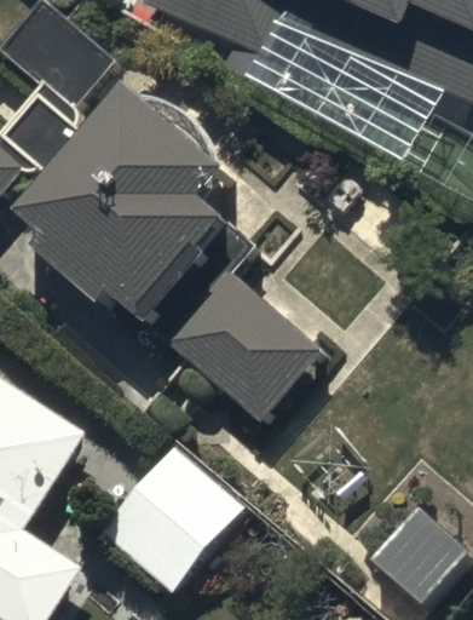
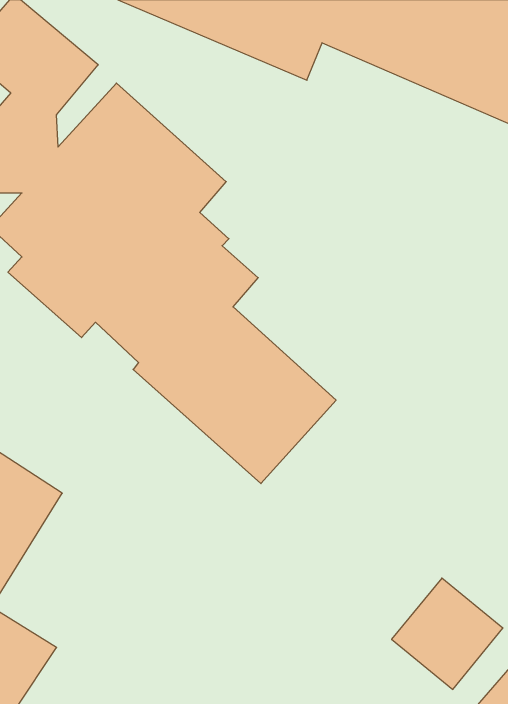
building: [98,447,244,596] -> none

